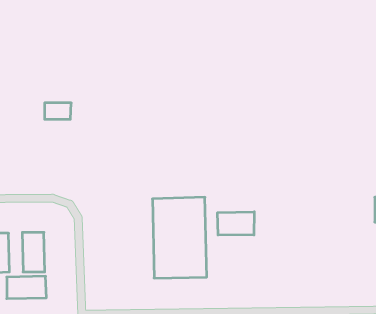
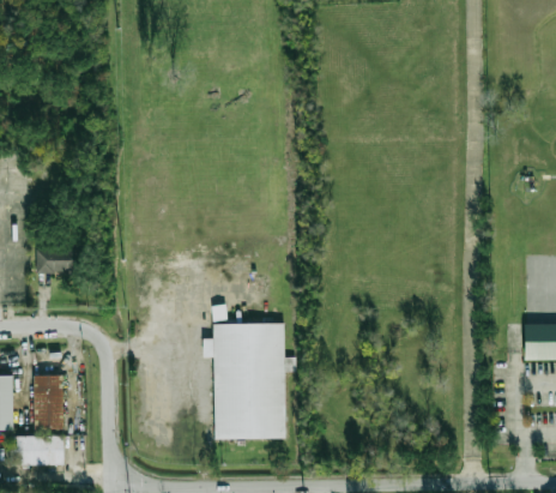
building: [45,103,71,119] -> [36,249,73,272]
building: [218,212,254,235] -> none

